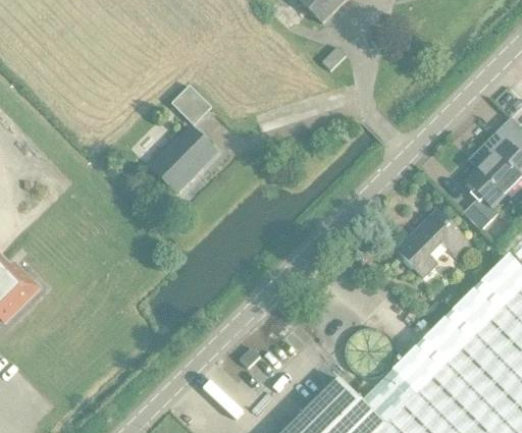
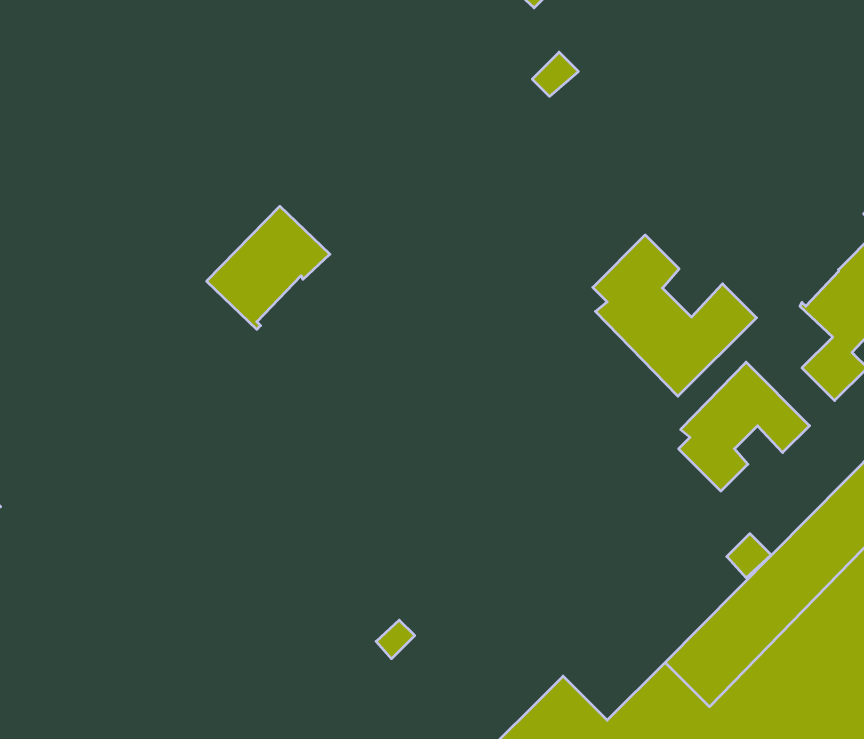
building: [170,88,210,126] -> none
building: none -> [593,235,757,396]

